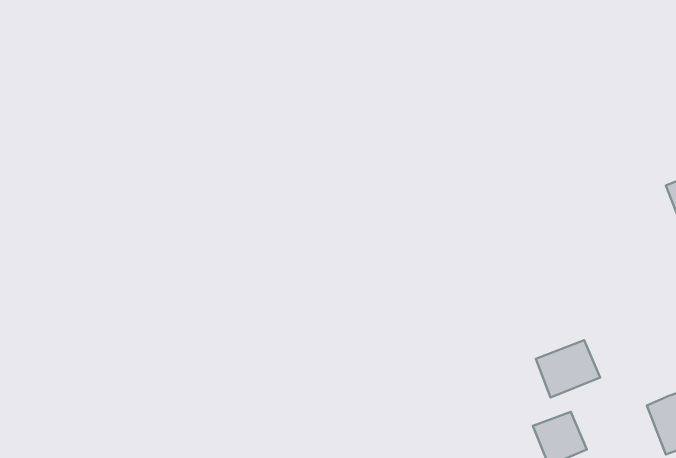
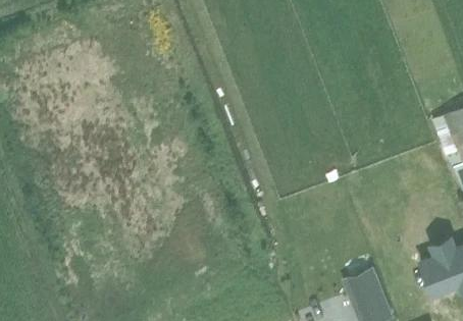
building: [536,340,600,398] -> none

